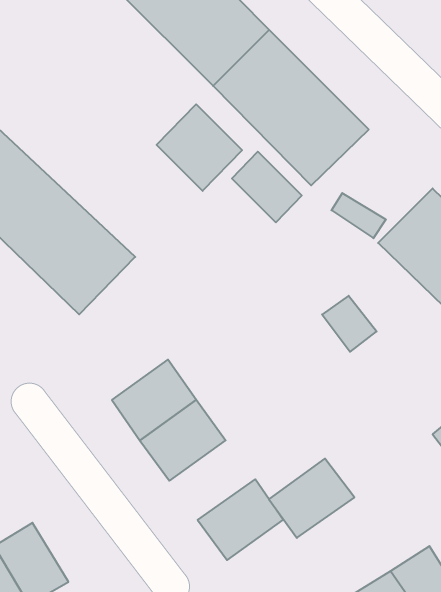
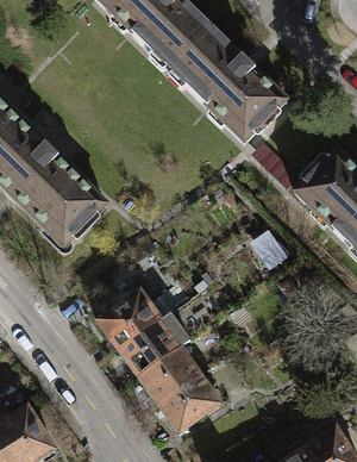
building: [157,104,242,191] -> none
building: [232,152,302,222] -> none
building: [269,459,354,538] -> [136,341,201,401]

